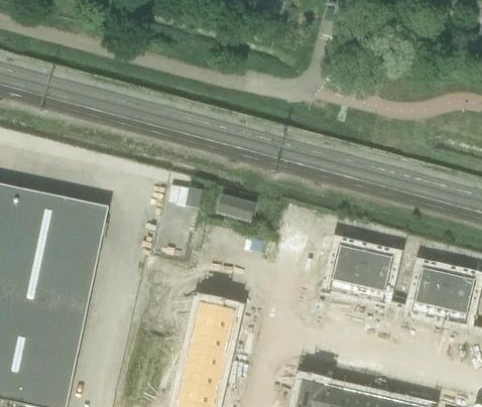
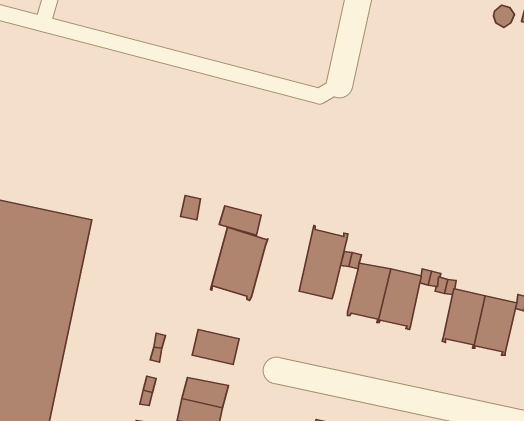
building: none -> [299,226,348,299]
building: none -> [211,227,268,301]
building: [191,323,230,350] -> none

